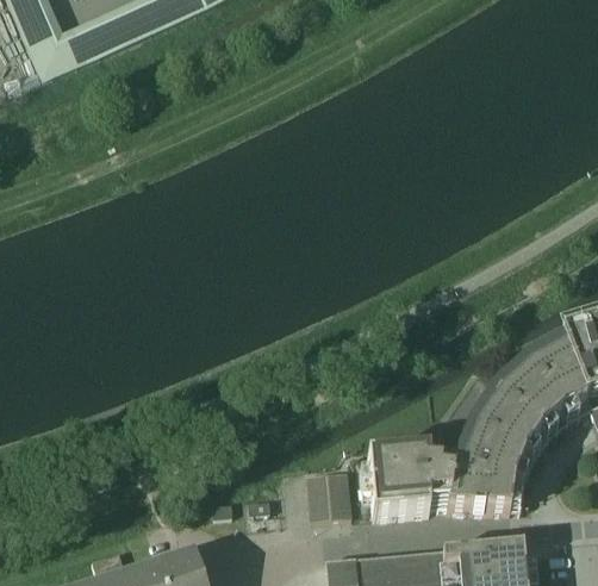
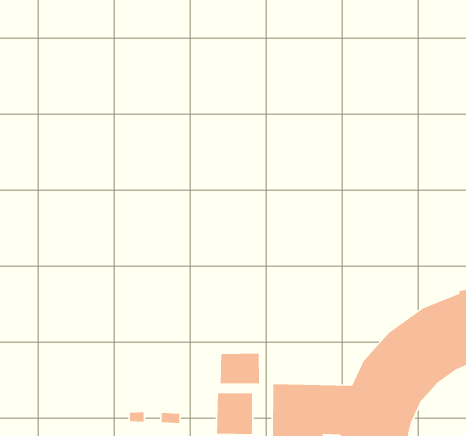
building: none -> [220,353,260,384]

